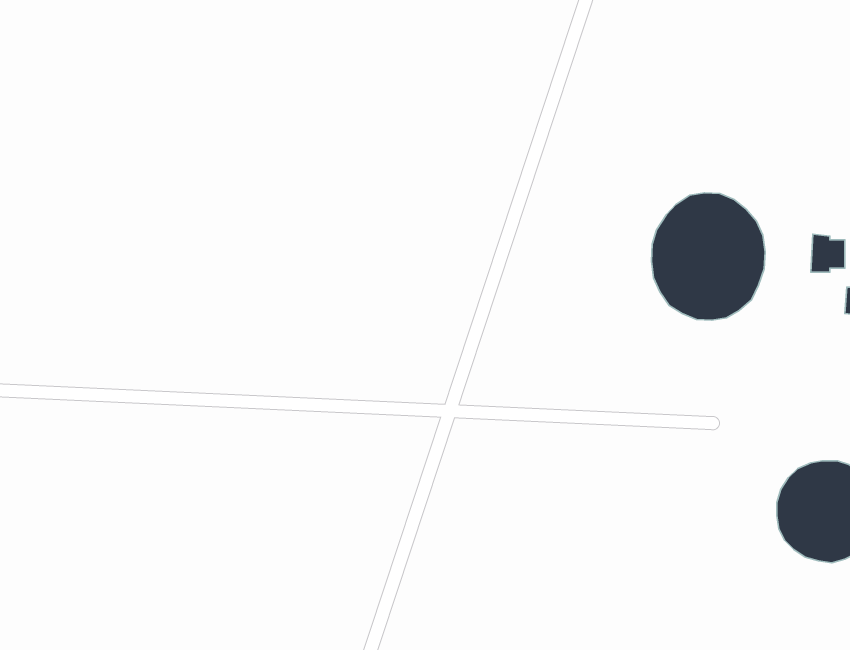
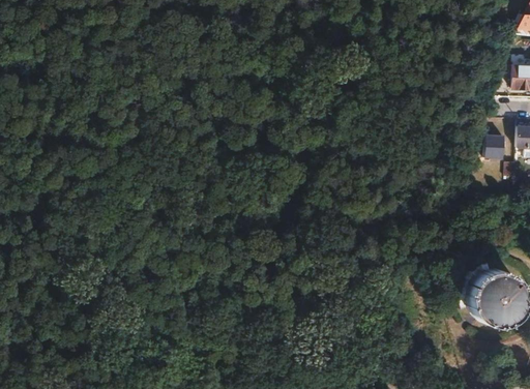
building: [651,193,765,320] -> none

